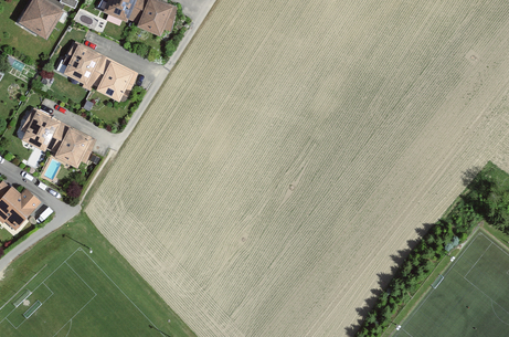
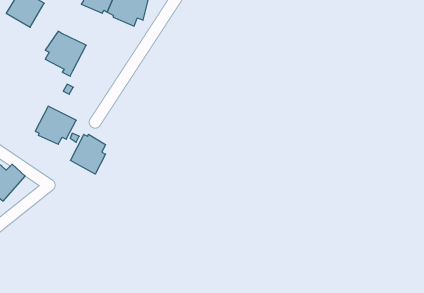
building: [93,57,137,102] -> none
building: [21,108,65,152] -> none
building: none -> [70,134,106,174]

